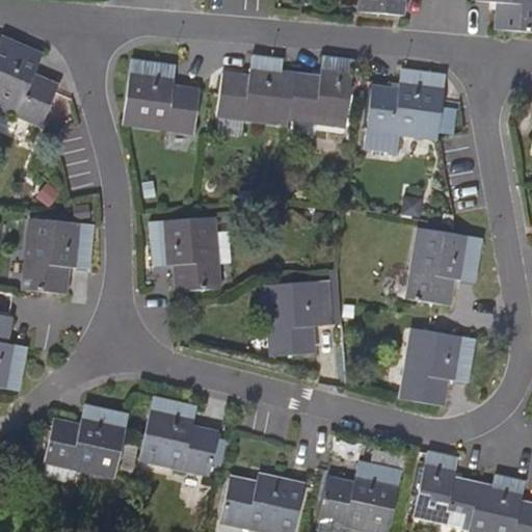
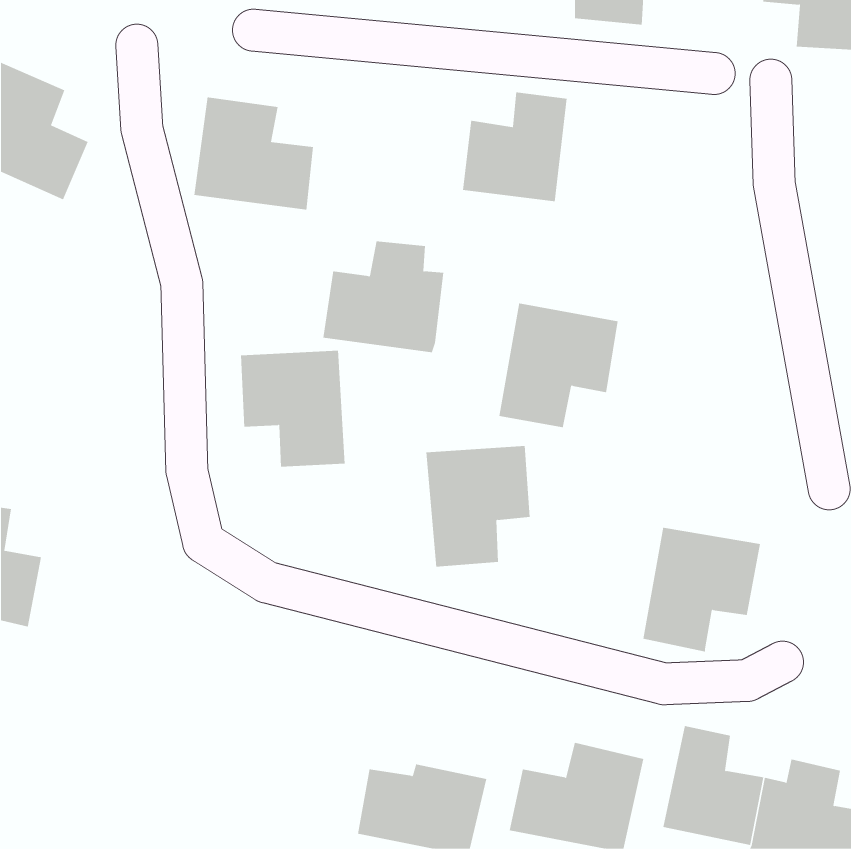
building: [218,55,294,125] -> [322,241,444,353]
building: [364,70,445,153] -> none
building: [23,219,91,294] -> none
building: [406,227,481,304] -> [498,303,619,428]
building: [141,397,219,473] -> none
building: [45,406,128,483] -> none

